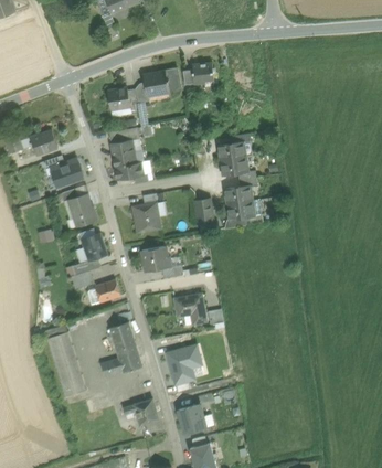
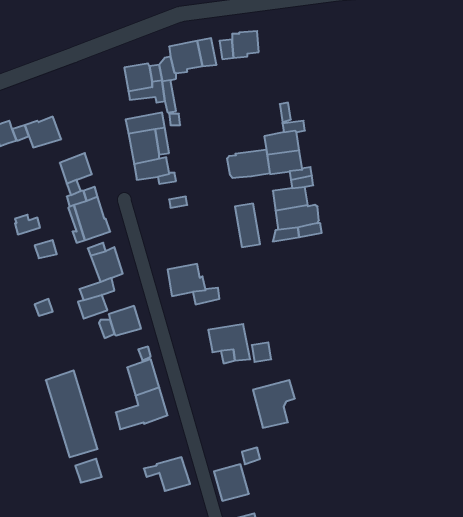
building: none -> [227,150,270,178]
building: [132,203,160,232] -> none
building: [167,345,200,383] -> [253,380,295,428]

